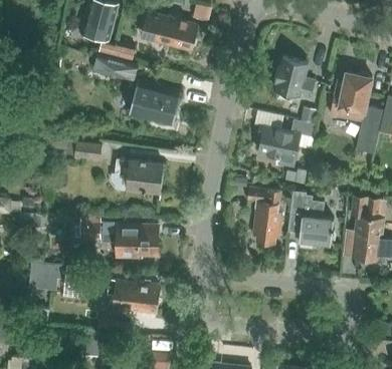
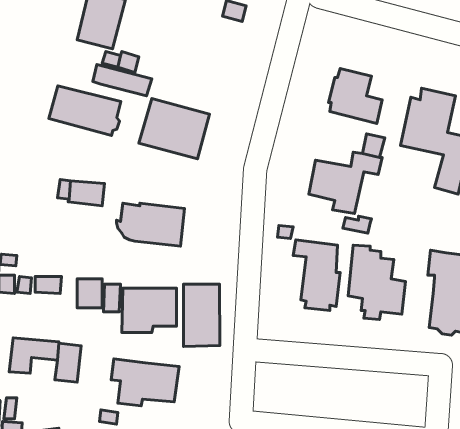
building: [143,13,198,51] -> [49,86,121,136]
building: none -> [183,284,220,347]

